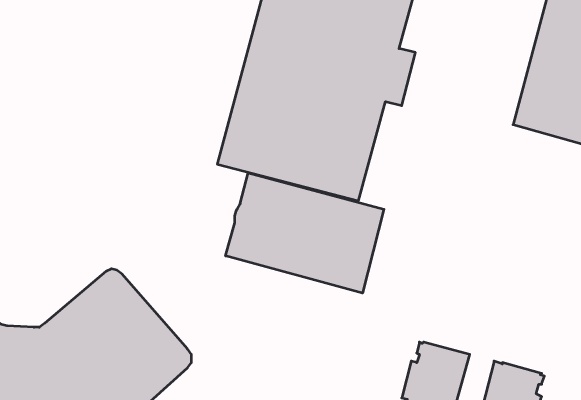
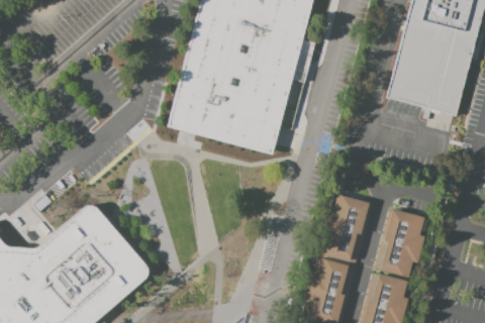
building: [226,173,384,293] -> none
building: none -> [321,194,369,263]
building: none -> [375,208,427,278]

